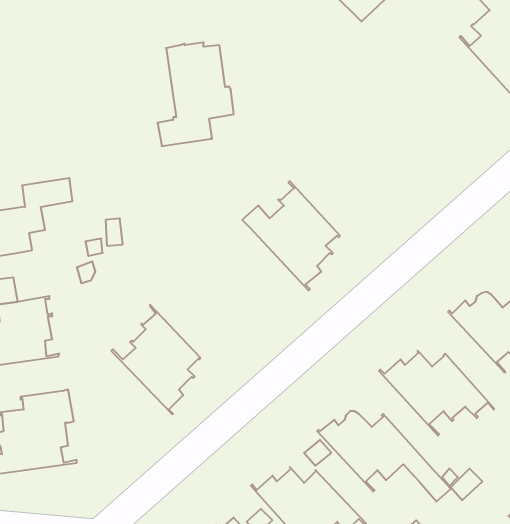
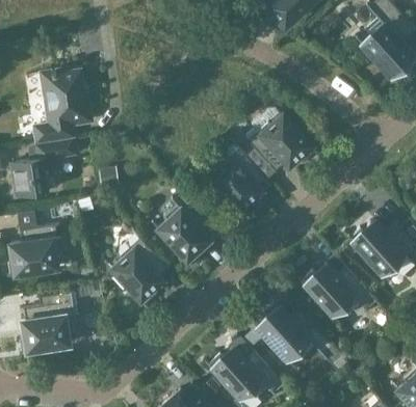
building: [157,42,234,146] -> [34,71,89,145]
building: none -> [240,109,317,181]
building: none -> [151,191,216,268]

